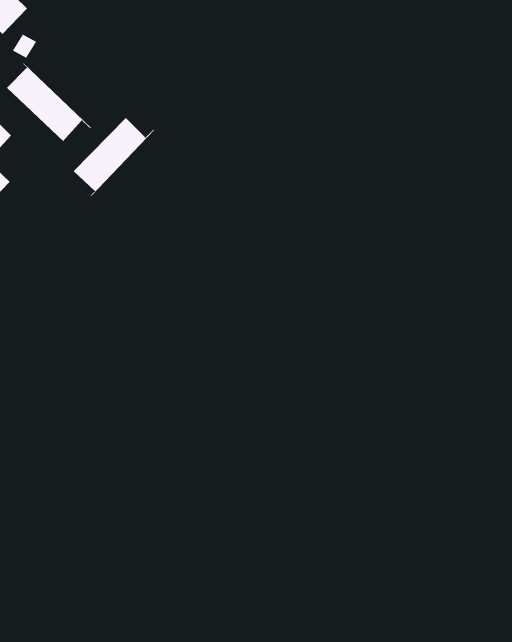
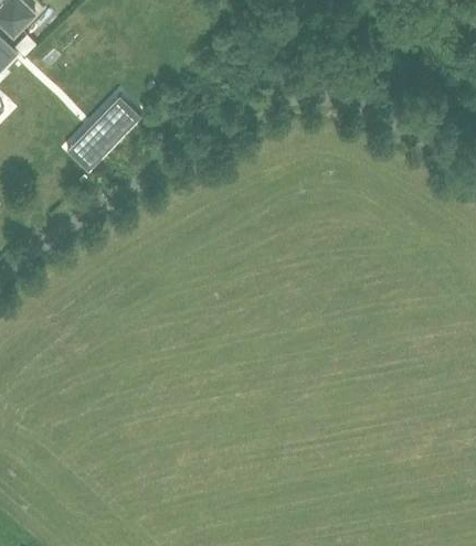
building: [6,62,92,142] -> none

